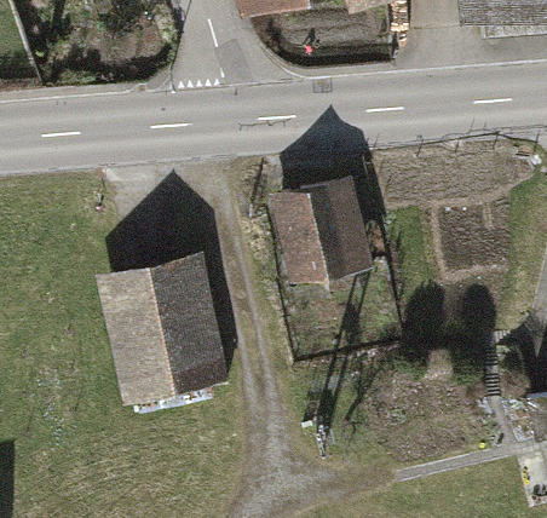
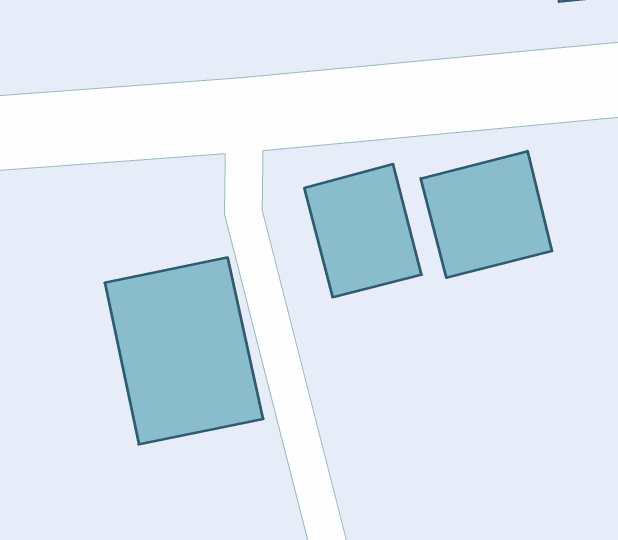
building: none -> [421,151,552,278]

